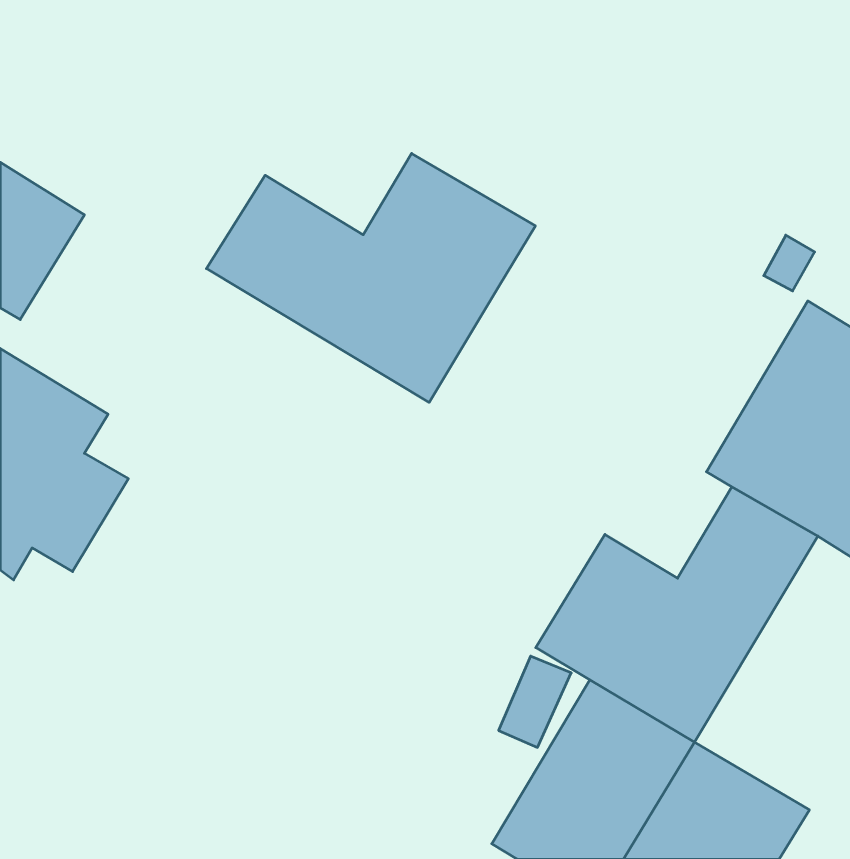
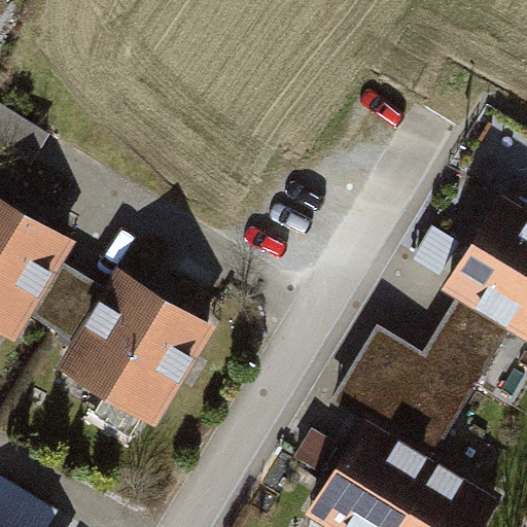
building: [206,153,535,402] -> none
building: none -> [52,282,229,443]

